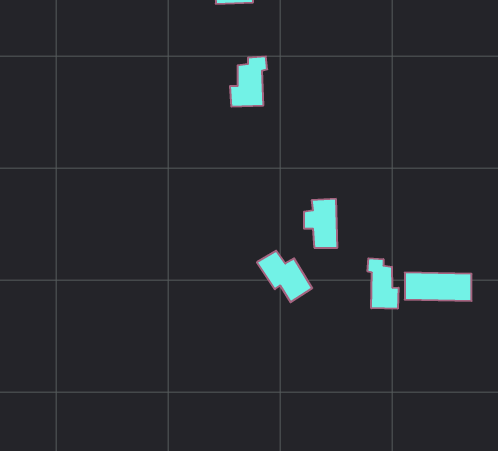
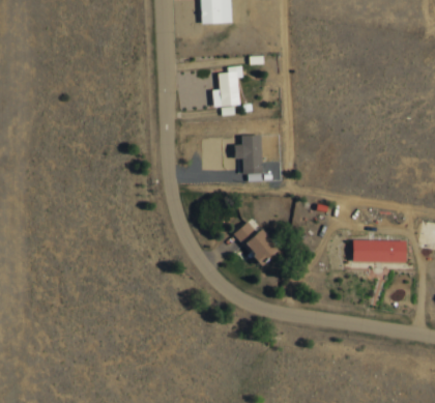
building: [304,199,337,248] -> [236,135,263,174]
building: [368,258,399,309] -> none

